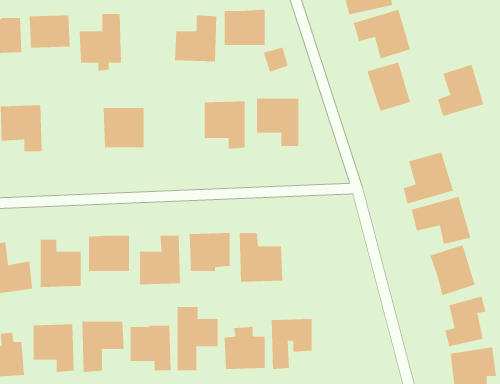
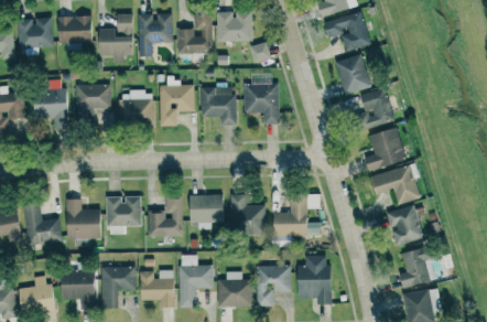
building: none -> [138,13,172,57]
building: [437,64,484,116] -> [355,87,393,130]
building: none -> [159,77,194,126]
building: none -> [75,84,110,119]
building: none -> [273,195,318,236]
building: none -> [296,256,331,304]

